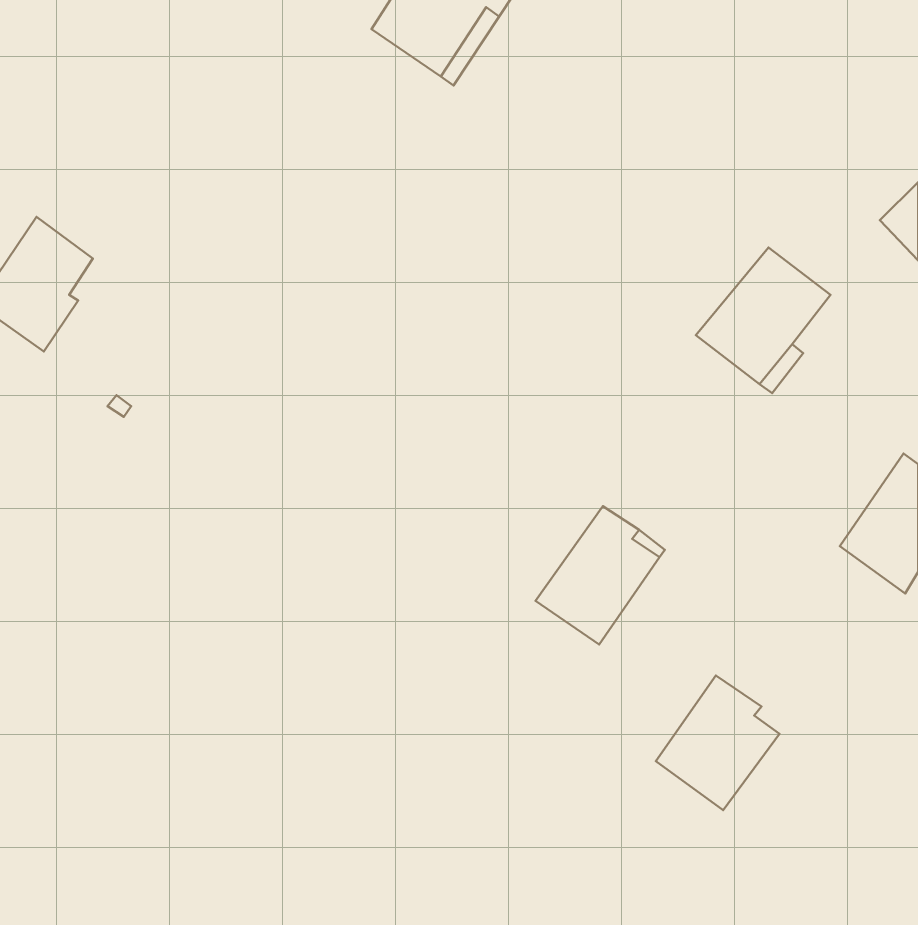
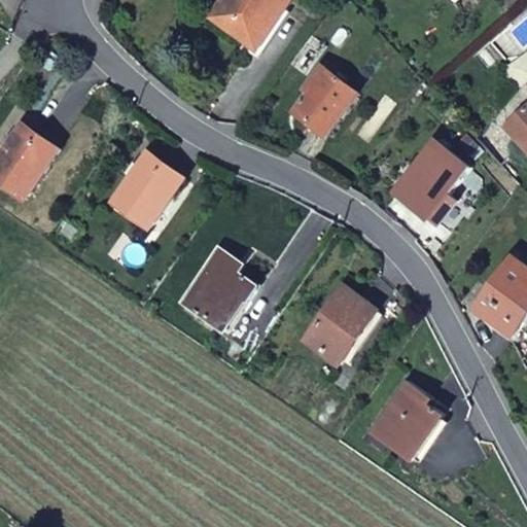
building: none -> [294,64,355,136]
building: none -> [112,151,178,226]
building: none -> [181,246,255,331]

